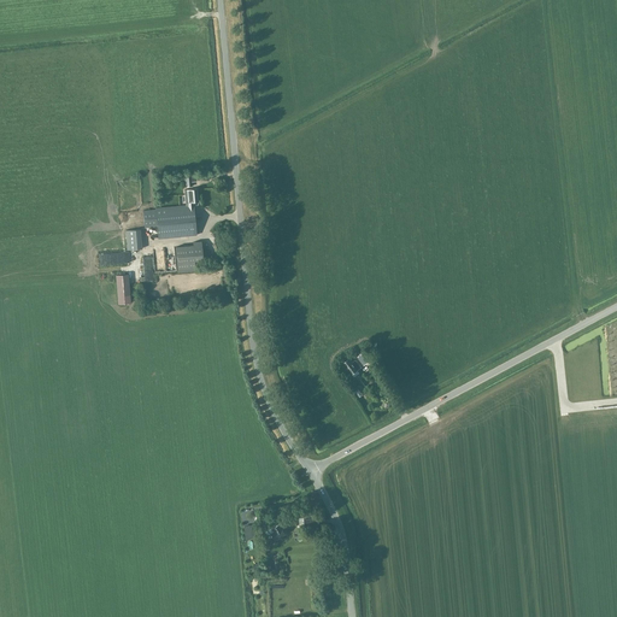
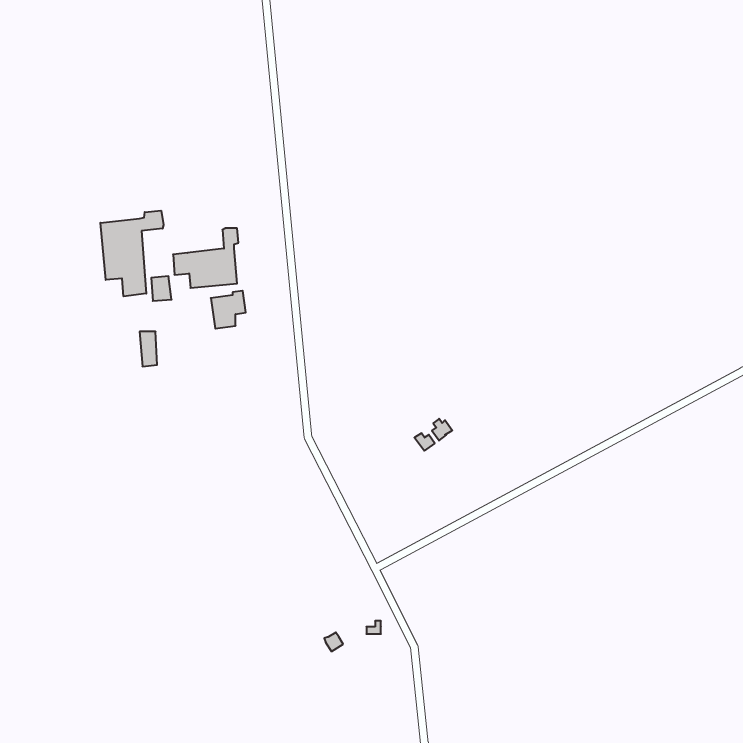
building: none -> [100,211,164,296]

